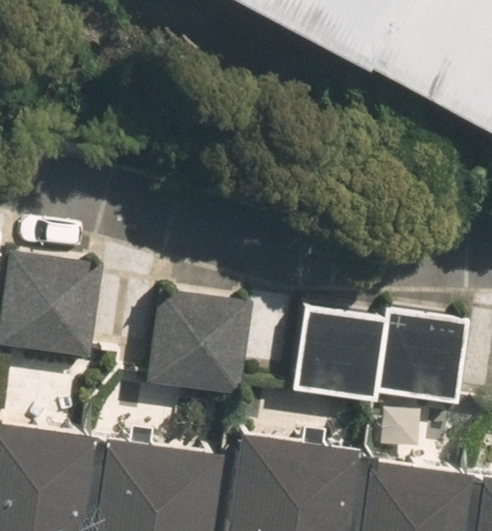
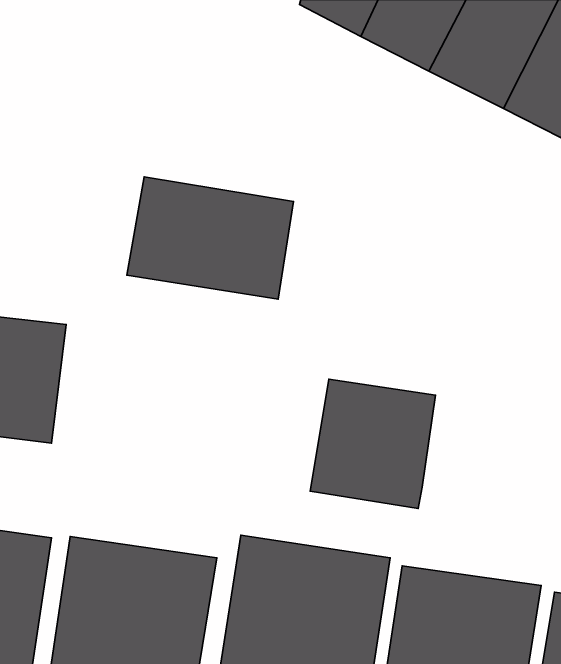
building: none -> [127,177,293,299]
building: [144,290,250,401] -> none
building: [378,307,469,403] -> none

